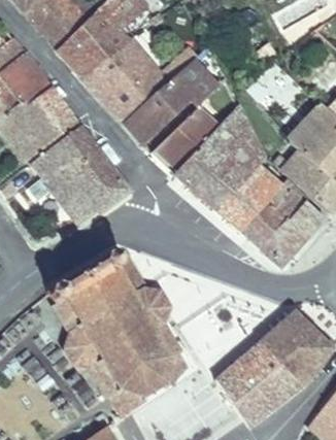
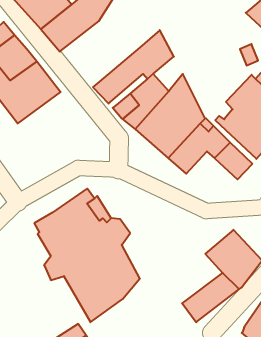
building: [85,42,184,125] -> none
building: [32,131,131,227] -> none
building: [242,205,306,266] -> none
building: [221,333,288,395] -> none

